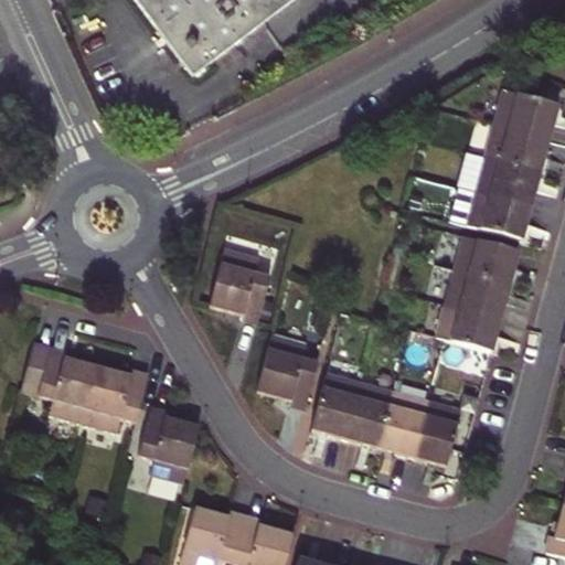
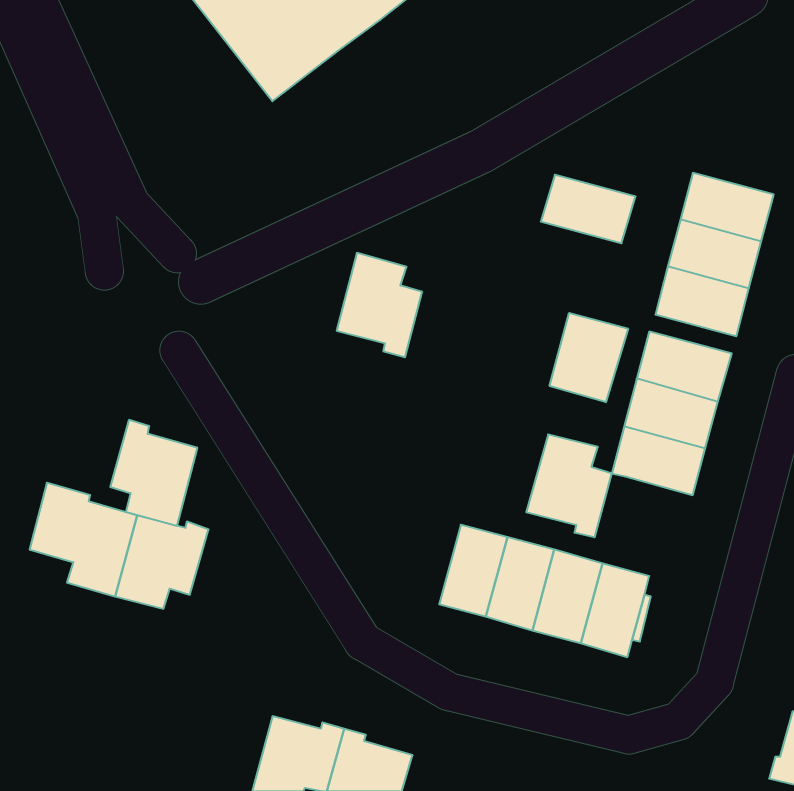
building: [492,89,559,138] -> [541,175,636,243]
building: none -> [550,313,628,402]
building: [211,247,271,321] -> [337,253,422,357]
building: [257,333,318,406] -> [526,434,612,537]
building: [138,407,200,482] -> [110,420,197,526]

